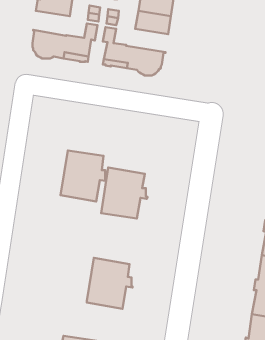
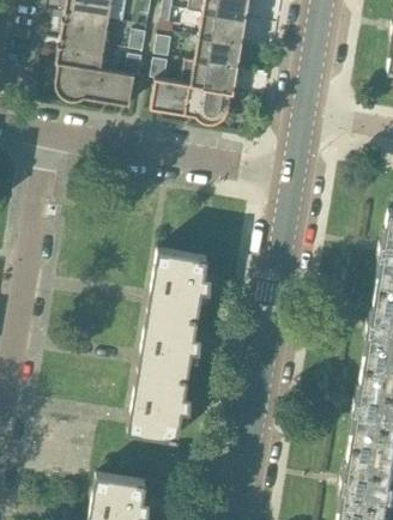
building: none -> [58,38,107,72]
building: none -> [182,61,238,93]
building: [61,151,106,202] -> [139,309,200,377]

